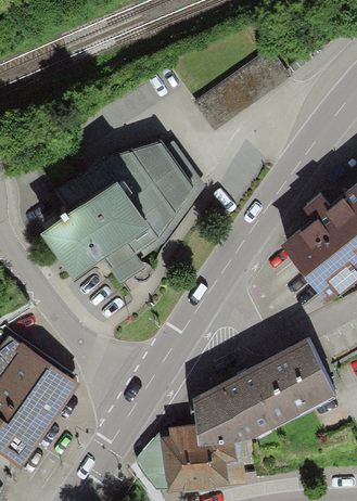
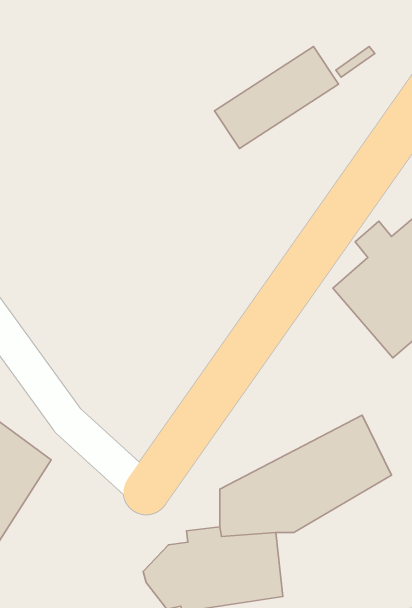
building: [42,140,193,270] -> none

